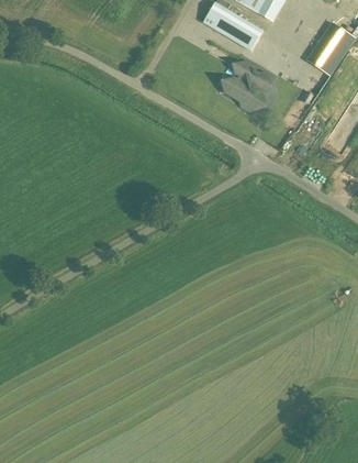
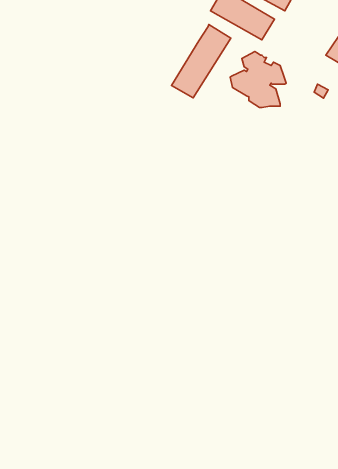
building: none -> [172,24,231,98]

